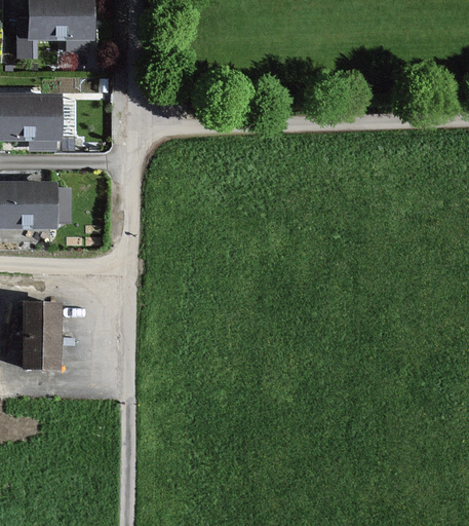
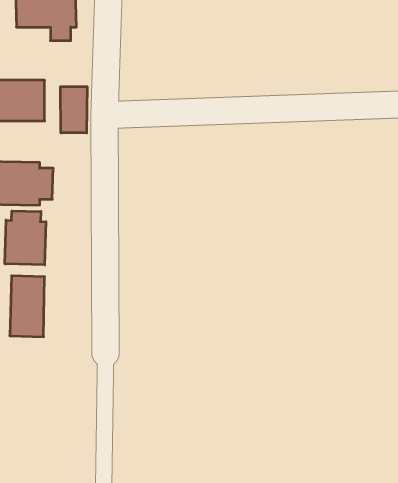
building: none -> [61,87,87,133]
building: none -> [5,211,46,265]

